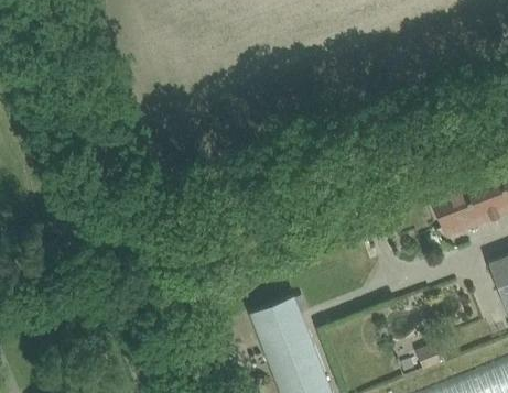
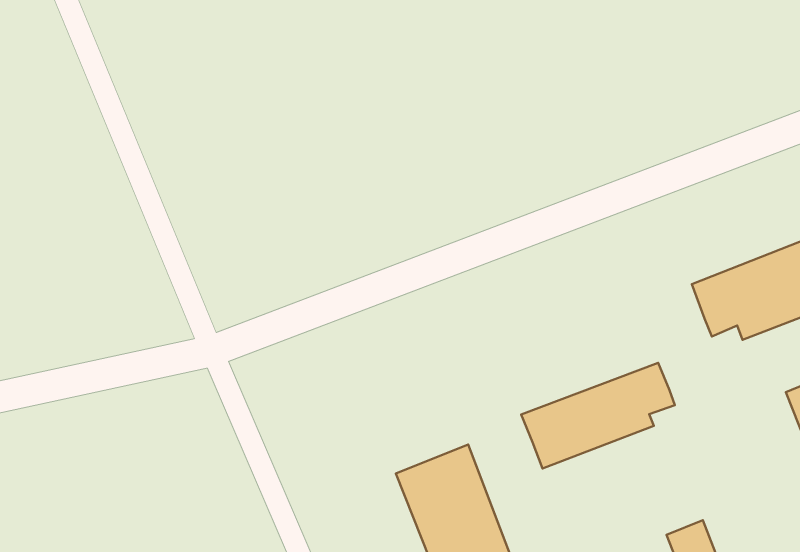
building: none -> [521,363,675,468]

